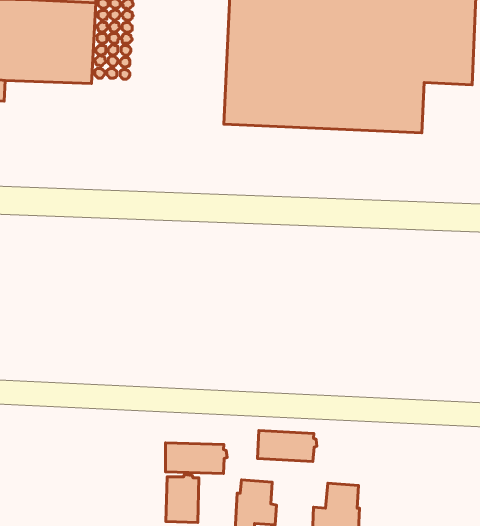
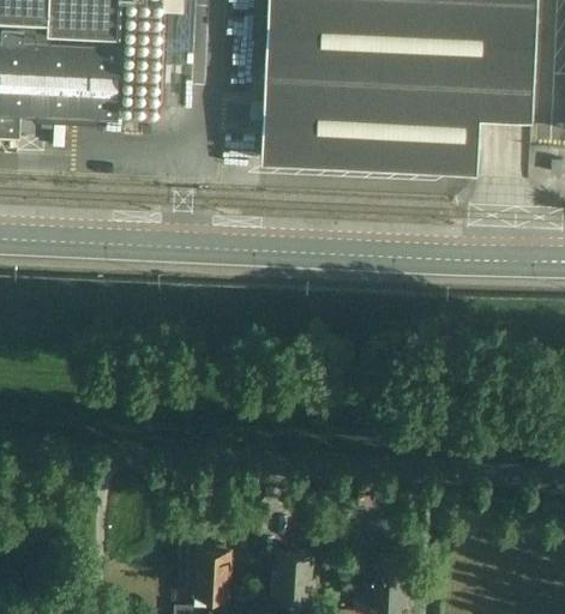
building: [258,430,317,462] -> none
building: [165,443,227,473] -> none

